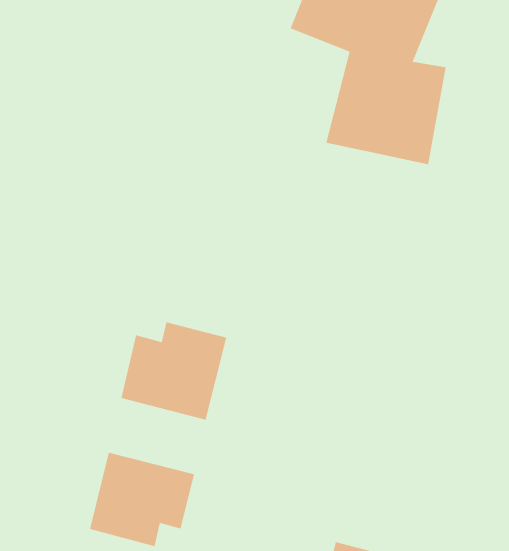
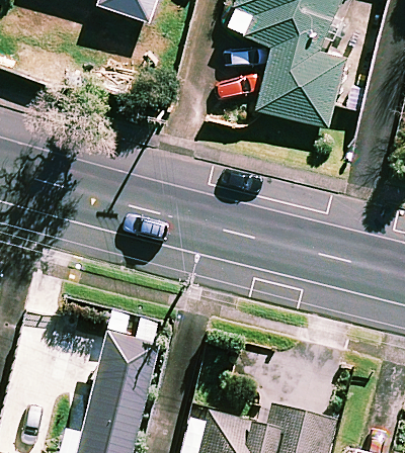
building: [121,321,227,420] -> none

